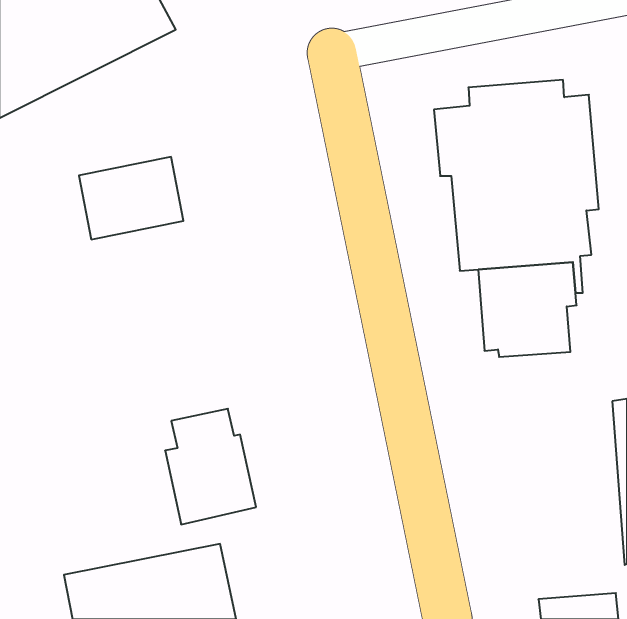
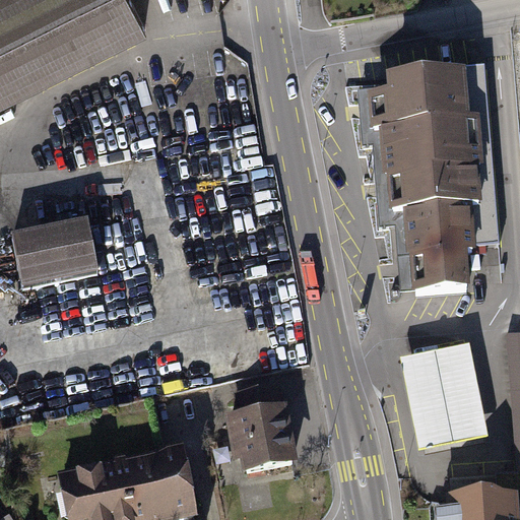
building: [79,157,183,239] -> [11,215,98,283]
building: [165,409,256,524] -> [223,385,299,480]
building: none -> [400,345,491,451]

